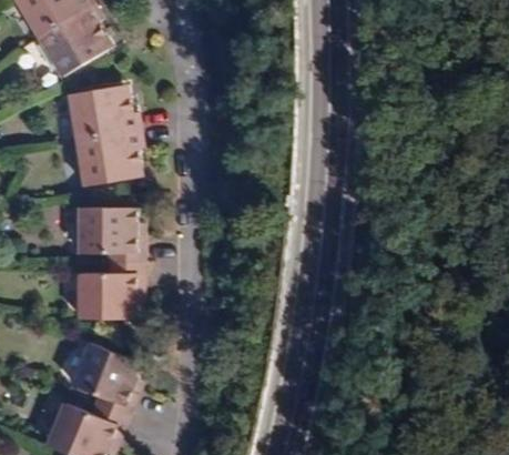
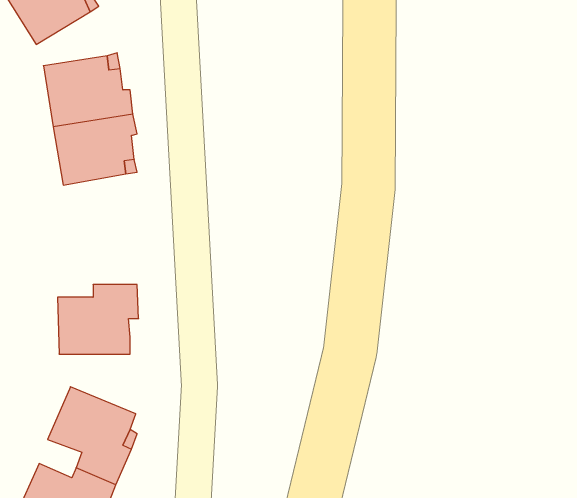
building: [78,209,141,264] -> none

